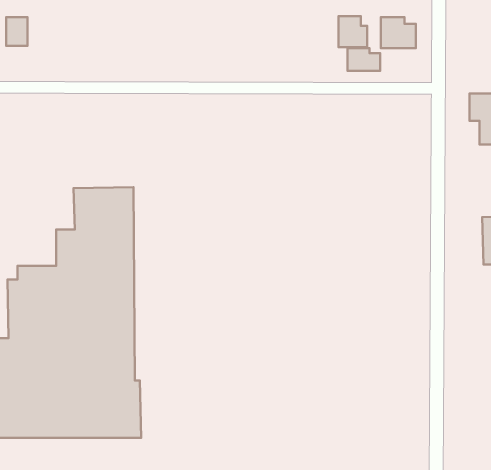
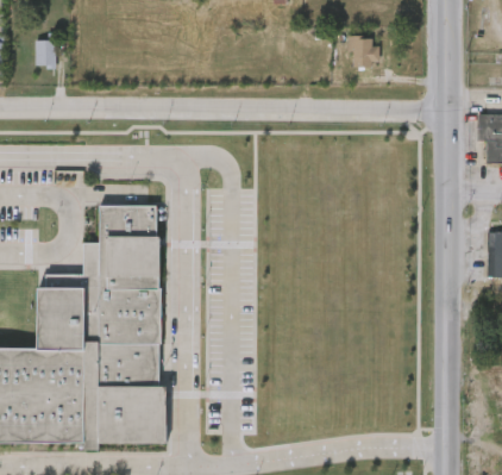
building: [381,17,416,48] -> none
building: [348,48,380,71] -> none

